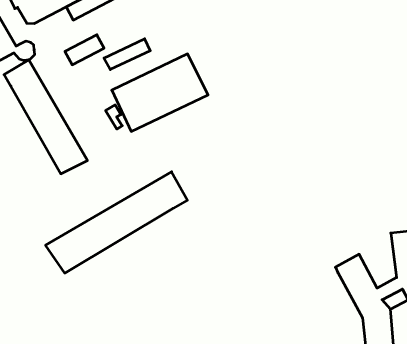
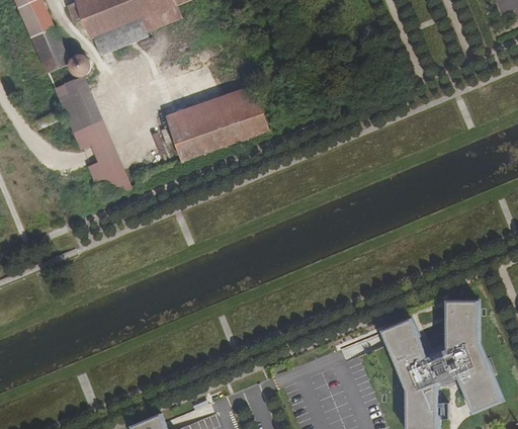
building: [65,35,104,65] -> [89,20,132,50]
building: [104,39,150,70] -> none
building: [46,172,187,273] -> none

